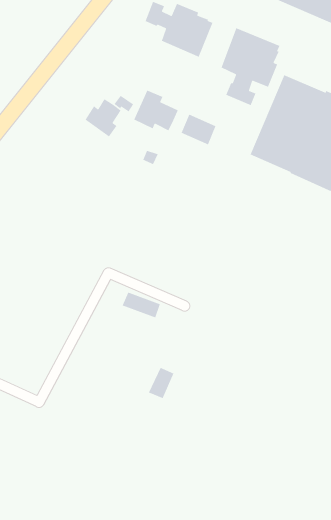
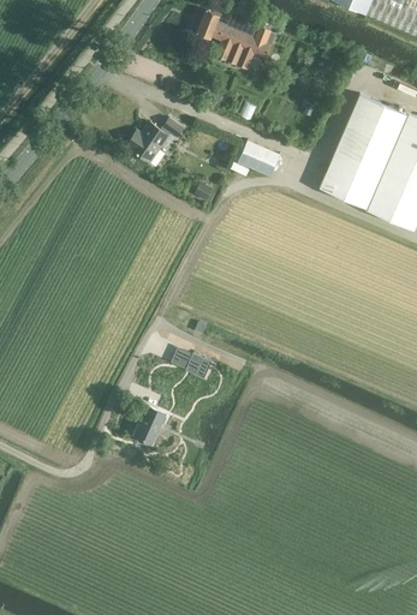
building: [220,27,280,106] -> none
building: [133,89,178,132] -> none
building: [148,367,175,399] -> [133,406,165,443]

